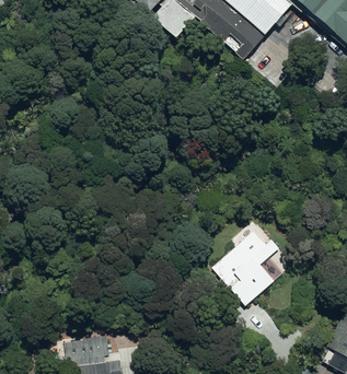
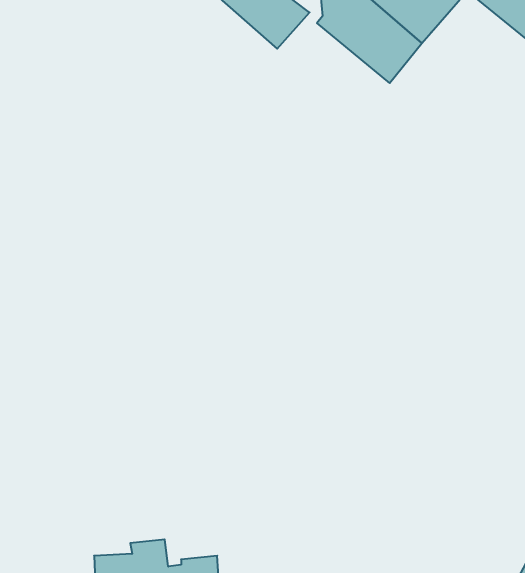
building: [215,231,278,306] -> none

